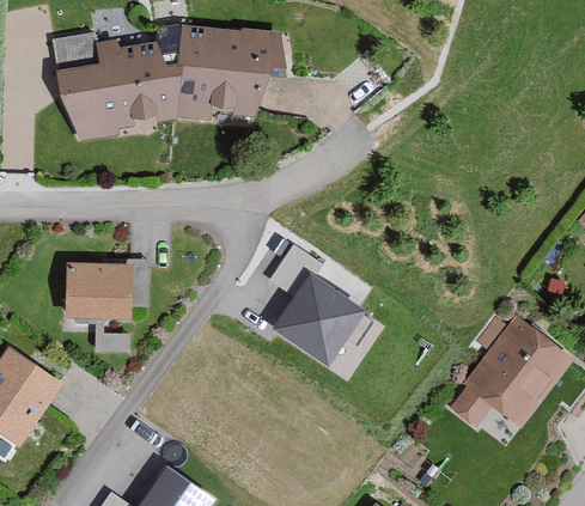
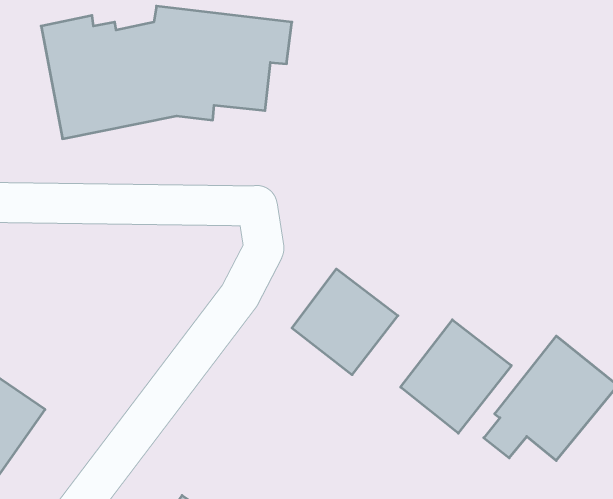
building: [59,260,146,318] -> none
building: none -> [401,320,511,433]

